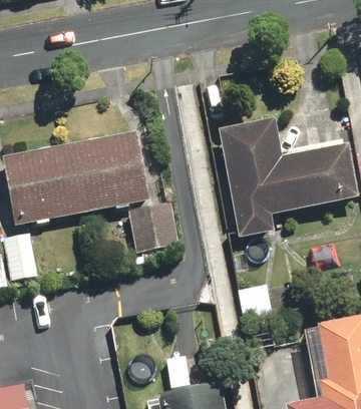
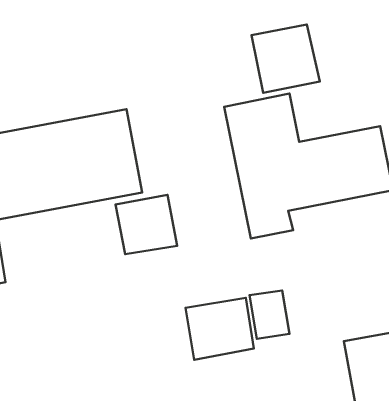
building: none -> [252,24,320,93]
building: none -> [186,298,254,360]

